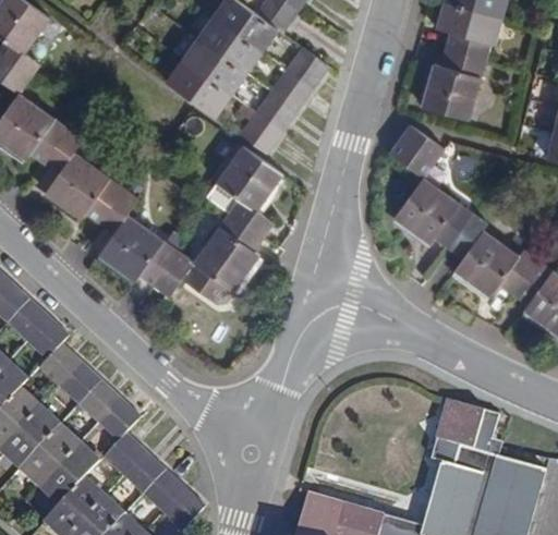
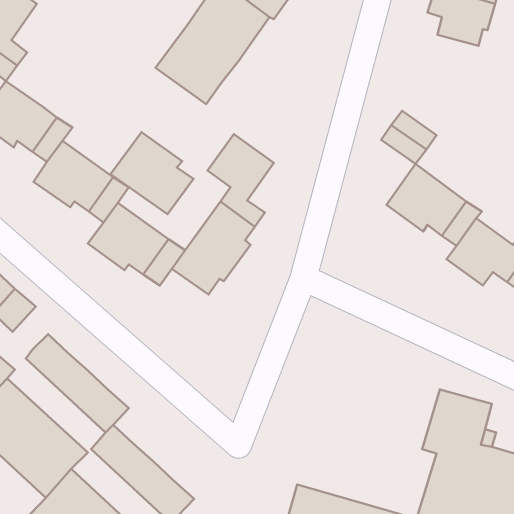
building: [241,48,330,154] -> none
building: [421,49,485,120] -> none
building: none -> [110,132,193,214]
building: [26,317,69,360] -> none

